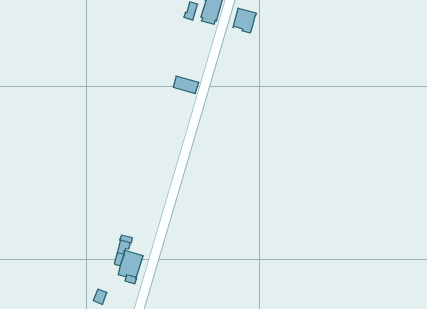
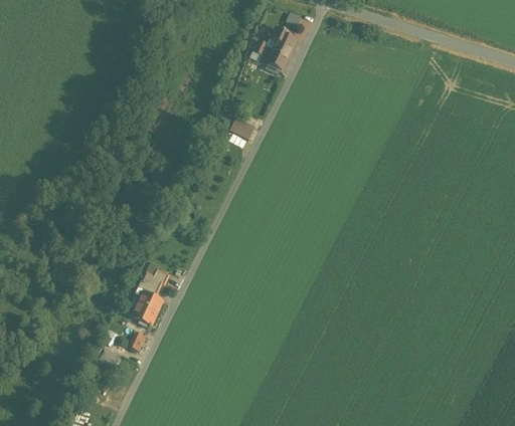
building: [233,8,256,33] -> none

